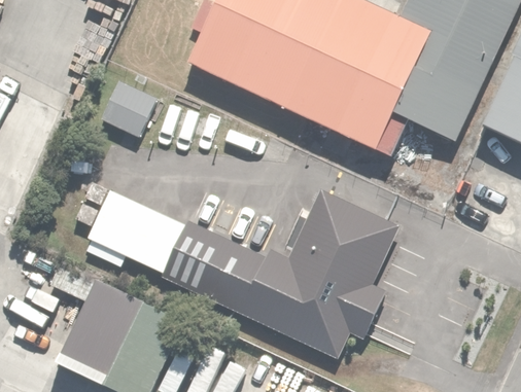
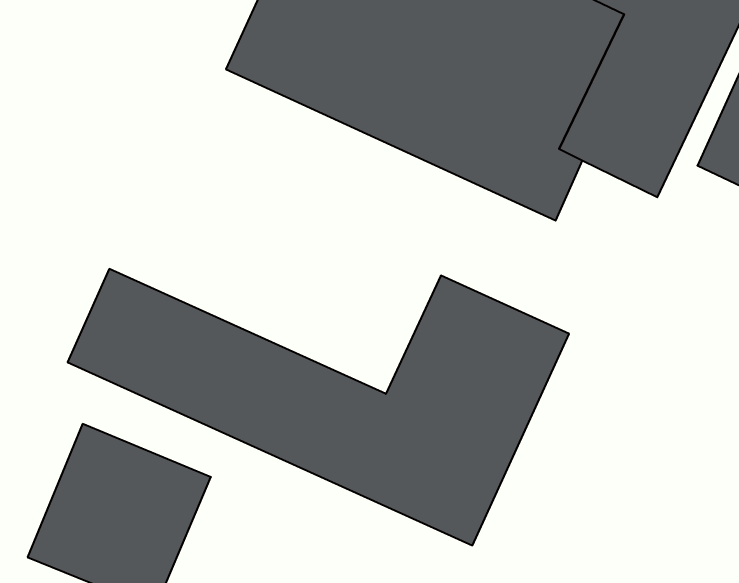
building: [97,83,152,138] -> none

